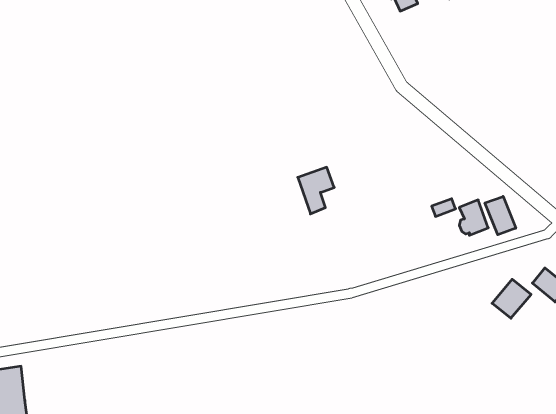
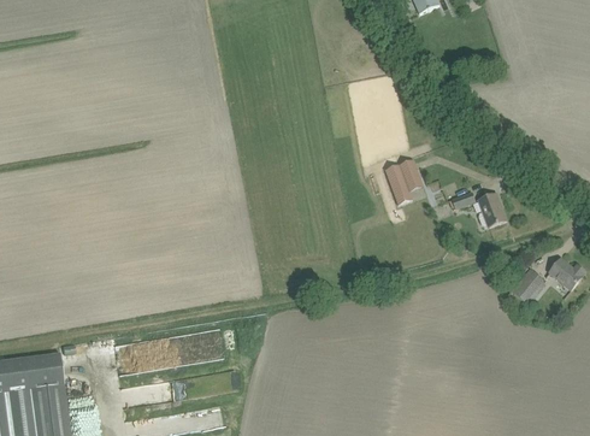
building: [298,167,334,214] -> [385,159,420,204]
building: [485,196,516,235] -> none

